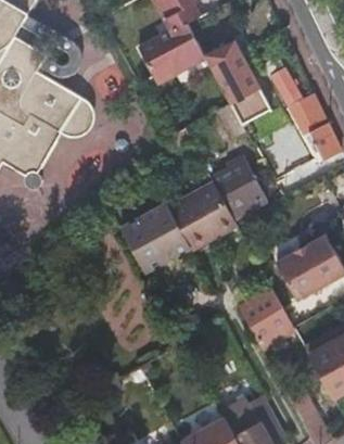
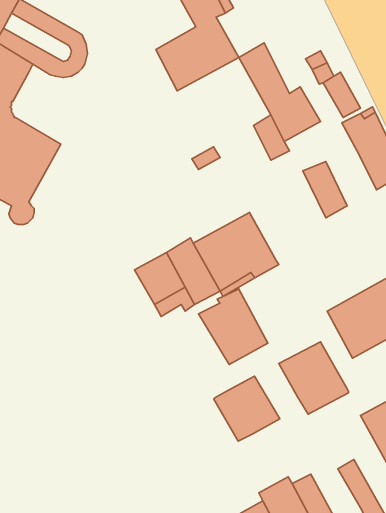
building: [20,68,90,129] -> none
building: [212,156,268,218] -> [198,289,268,365]
building: none -> [214,376,280,441]

